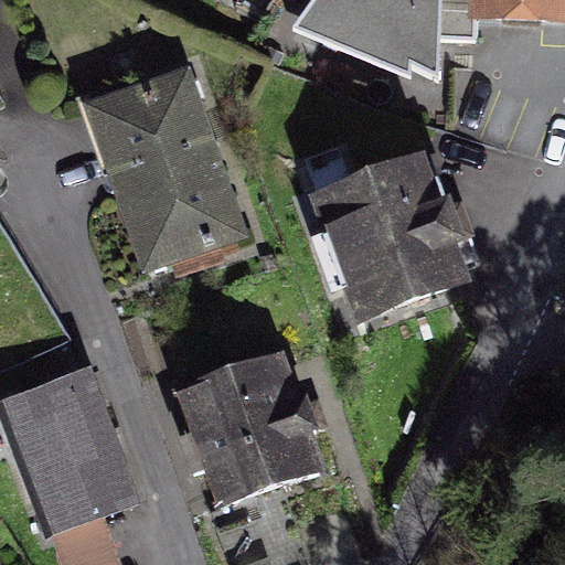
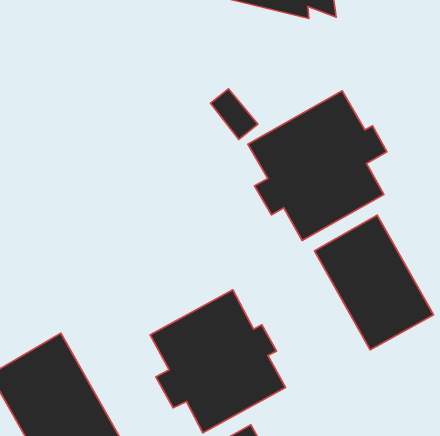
building: [93,75,242,264] -> none
building: none -> [314,215,434,350]

